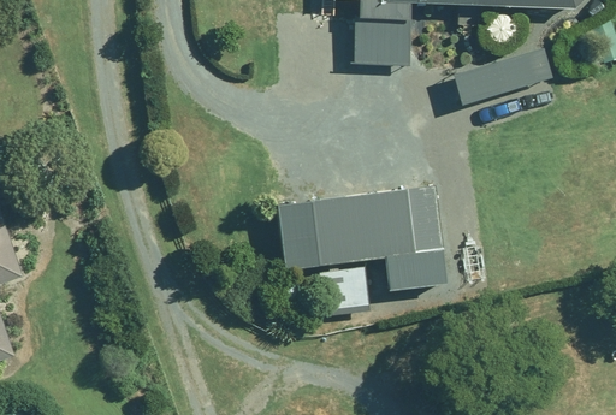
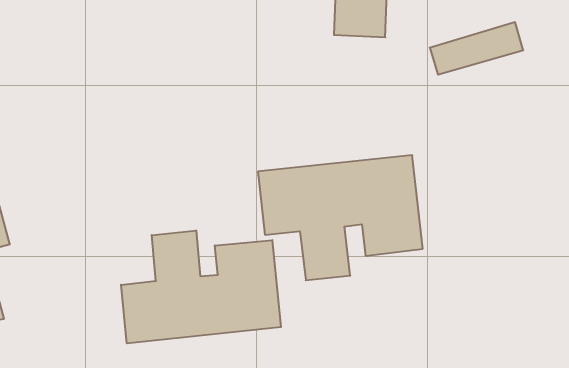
building: none -> [121,230,281,343]

